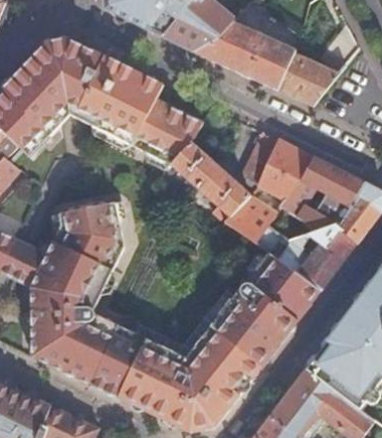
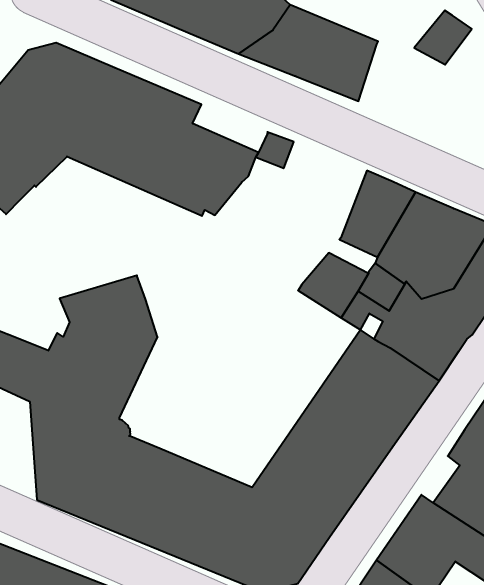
building: [276,49,337,104] -> none
building: [240,131,279,185] -> none
building: [171,141,249,216] -> none

